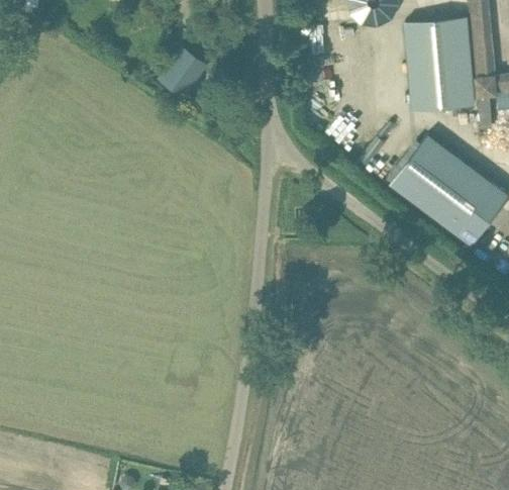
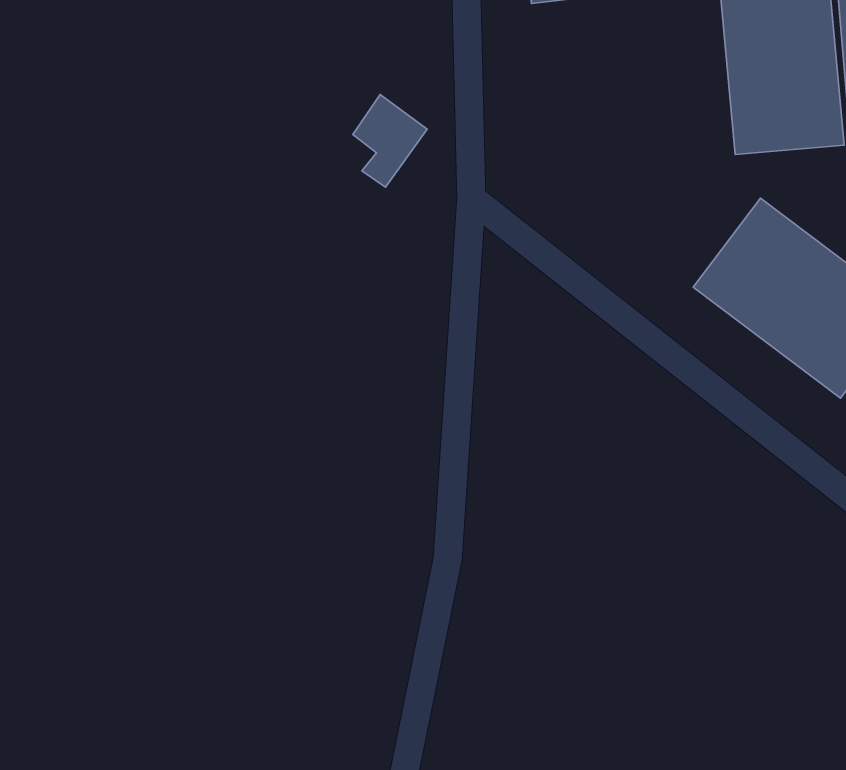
building: [165,50,206,101] -> [353,94,427,187]

